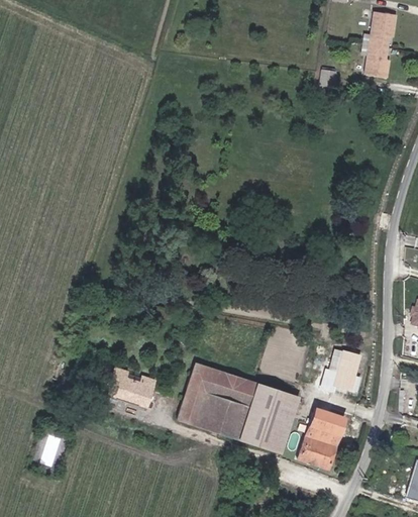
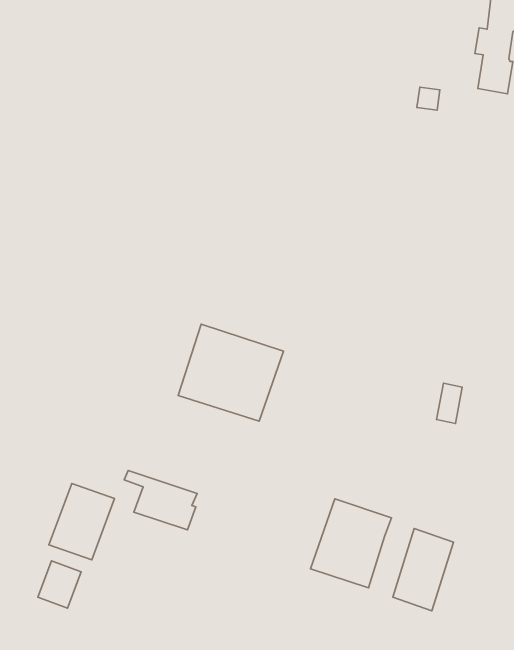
building: [330,357,349,388] -> [437,383,462,424]
building: [178,365,256,437] -> [178,324,284,421]
building: none -> [49,484,115,560]

